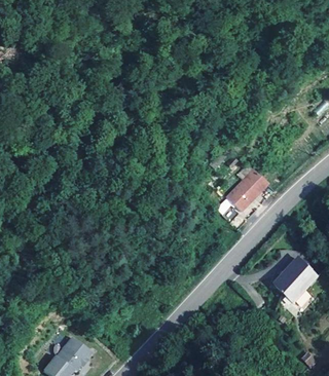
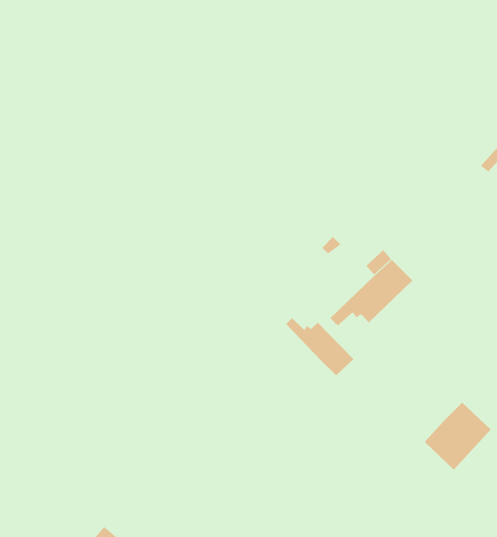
building: none -> [285,318,354,376]

